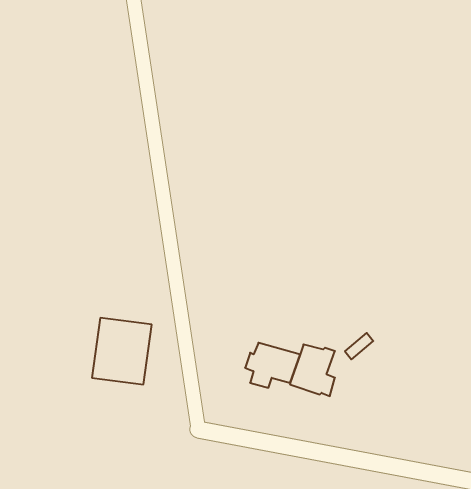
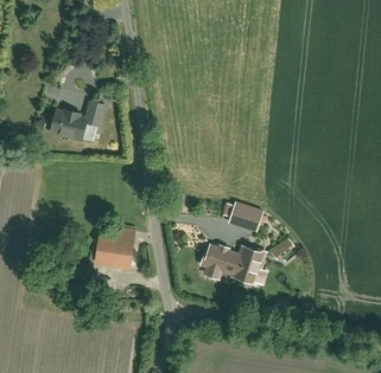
building: none -> [50,97,107,142]
building: none -> [229,201,262,230]

